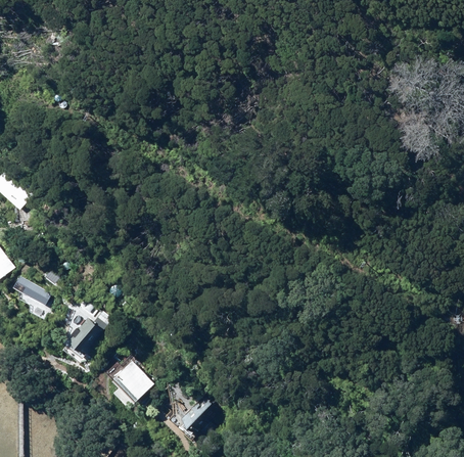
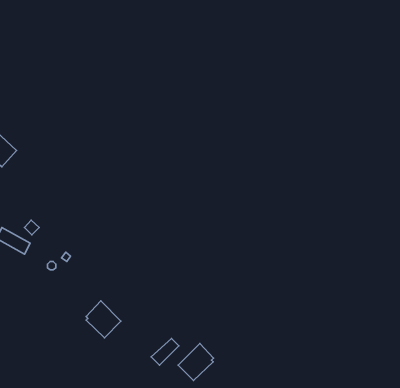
building: [68,319,102,354] -> none
building: none -> [178,343,214,381]

